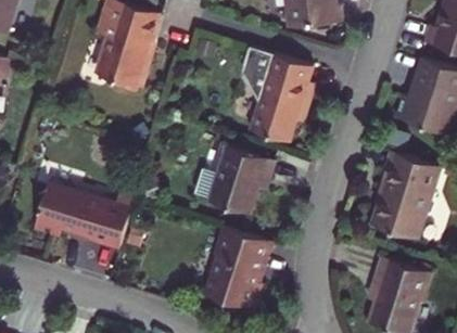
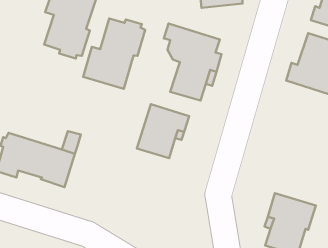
building: none -> [83,19,145,89]
building: [371,151,439,239] -> none
building: [207,227,269,310] -> none

